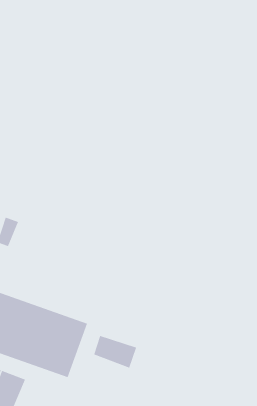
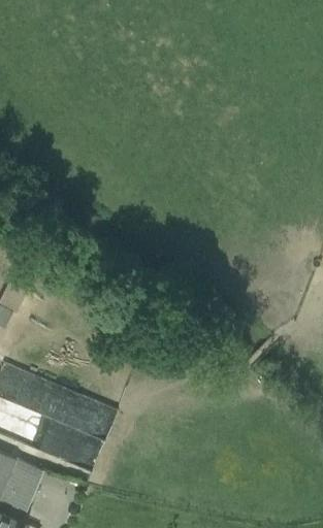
building: [94,335,137,368] -> none

